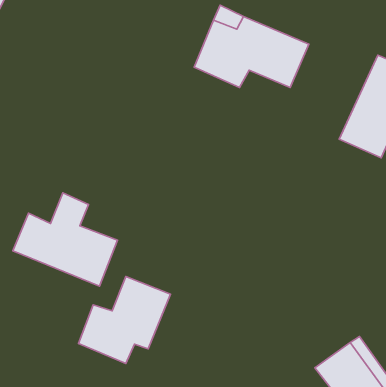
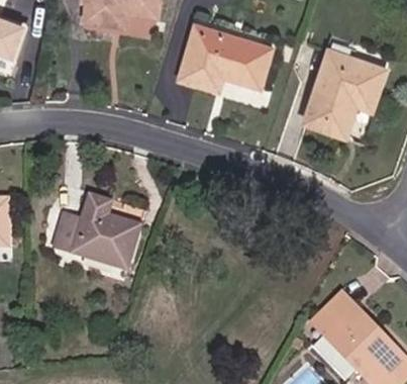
building: [78,276,170,363] -> none

